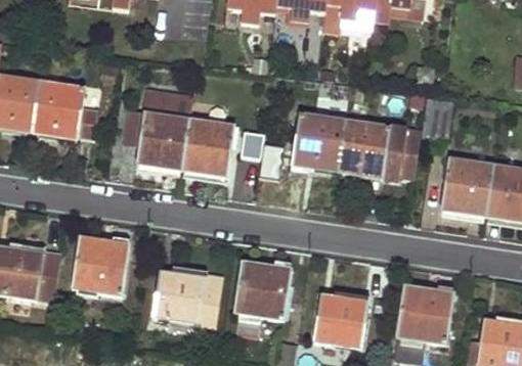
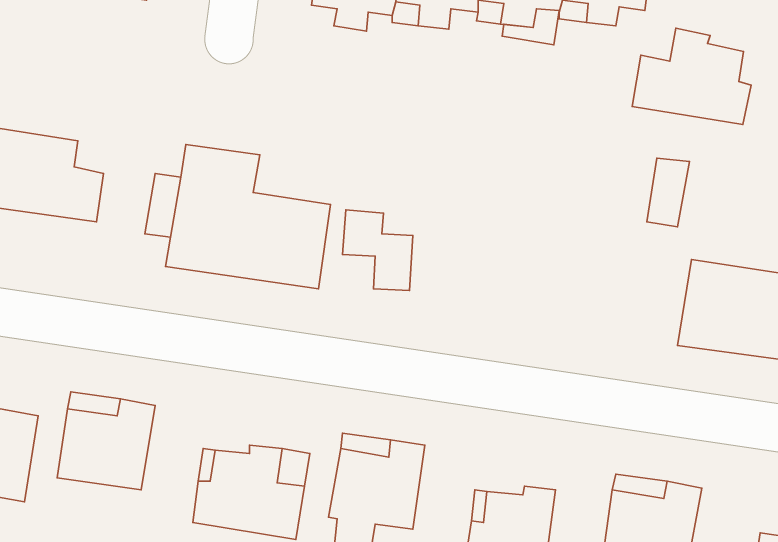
building: none -> [632,28,751,124]
building: [294,115,410,176] -> none

